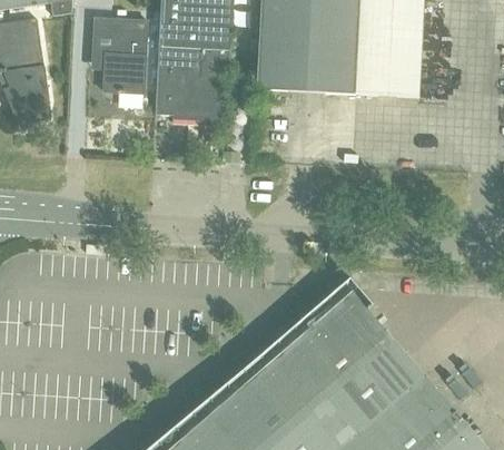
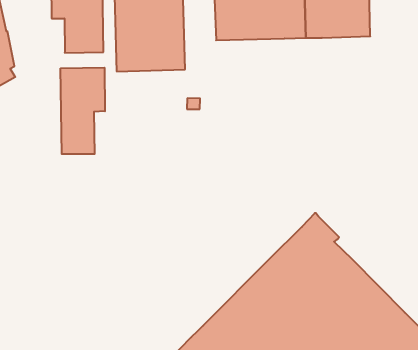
building: none -> [61,68,105,154]

